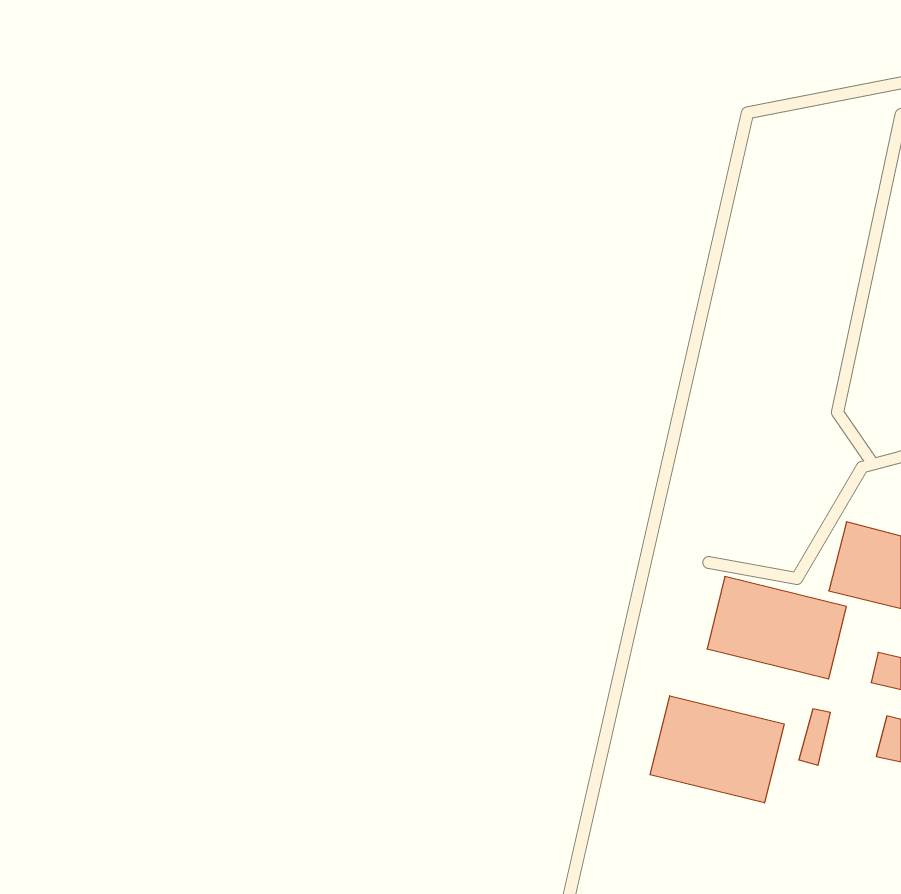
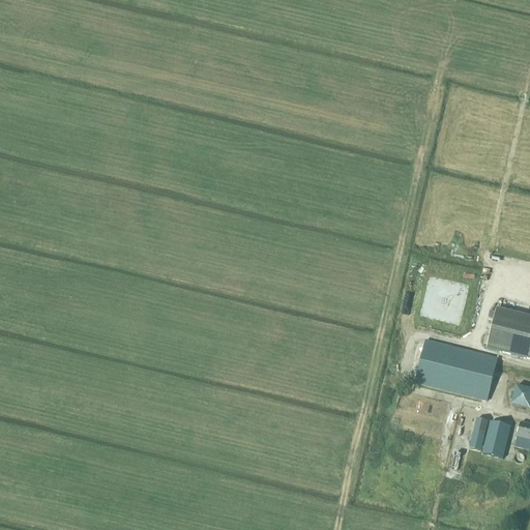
building: [650,696,784,803] -> none
building: none -> [482,419,510,457]

